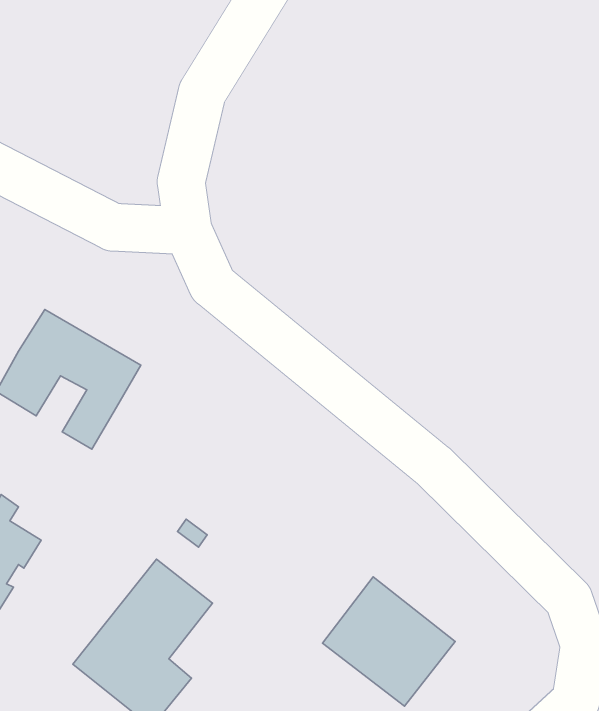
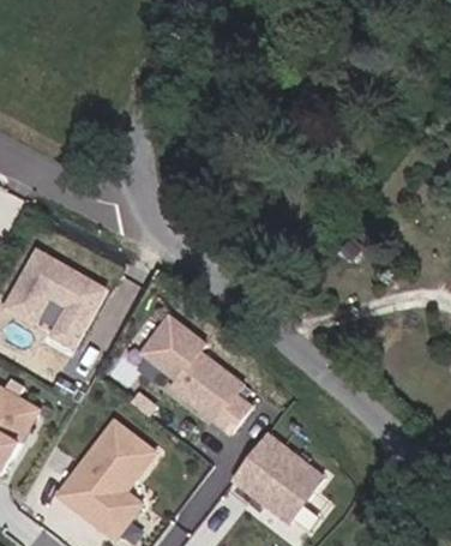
building: none -> [142,307,254,432]

